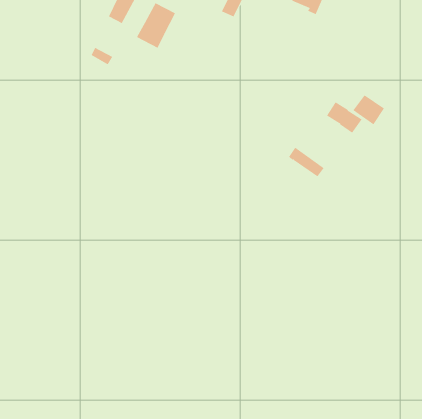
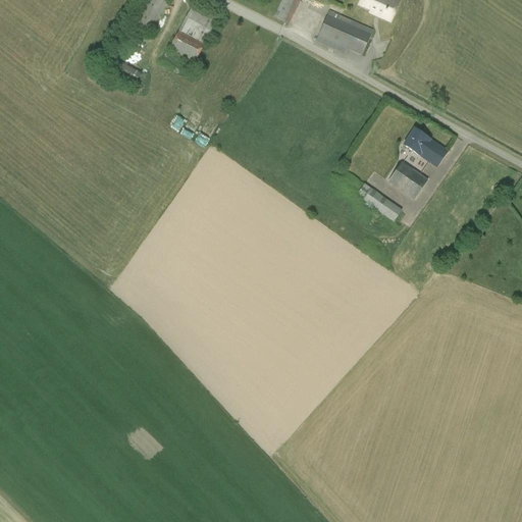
building: none -> [316,8,373,53]
building: [352,95,385,125] -> [387,160,427,198]

